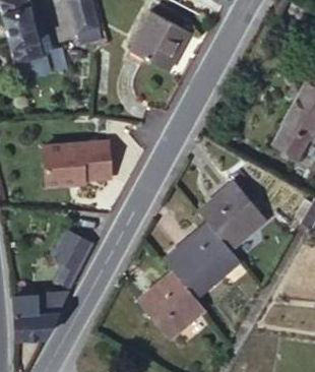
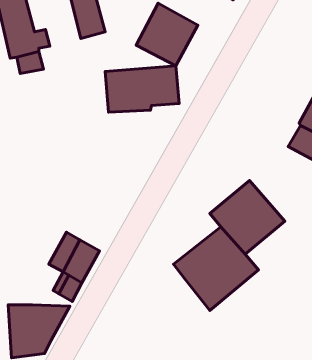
building: [47,141,115,184] -> [105,66,179,112]
building: [139,268,207,336] -> none

